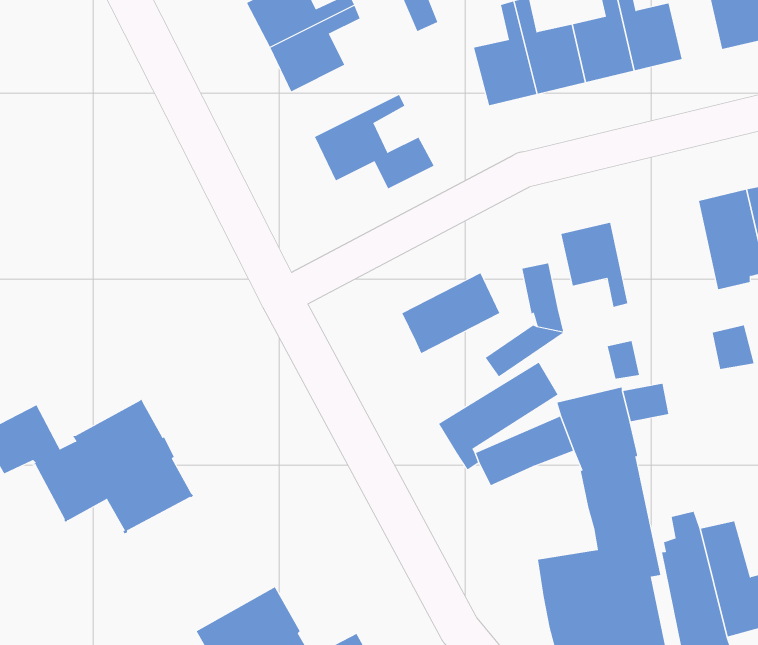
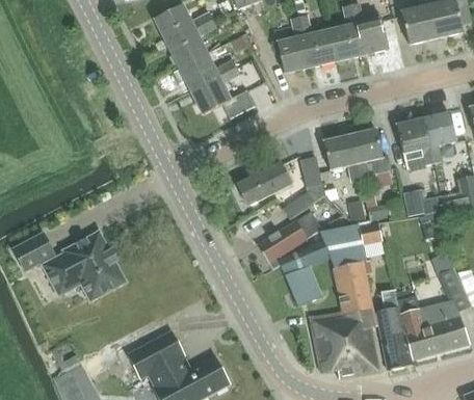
building: none -> [178,51,236,89]
building: none -> [349,129,392,179]
building: none -> [285,266,320,304]

